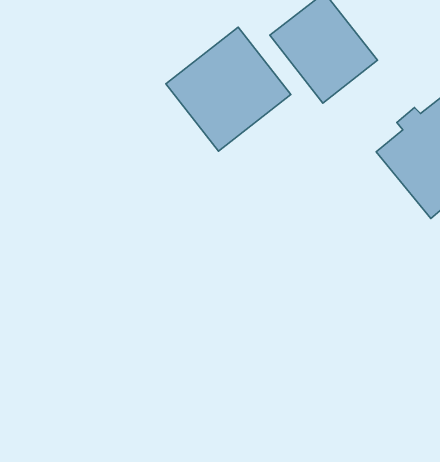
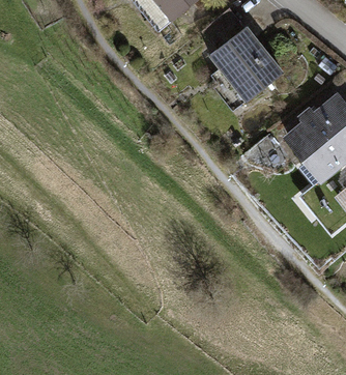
building: [166,27,291,151] -> none

